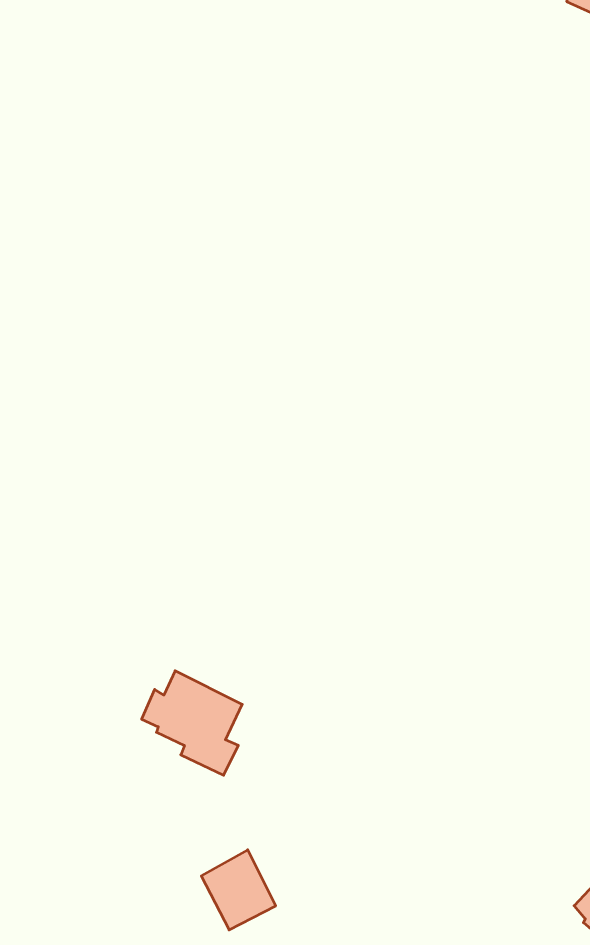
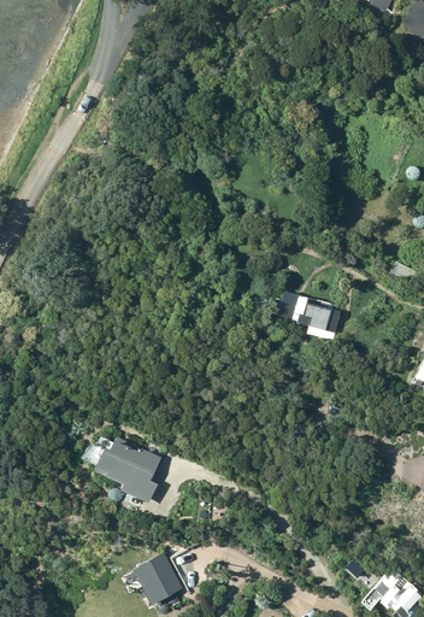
building: none -> [277,292,340,340]

